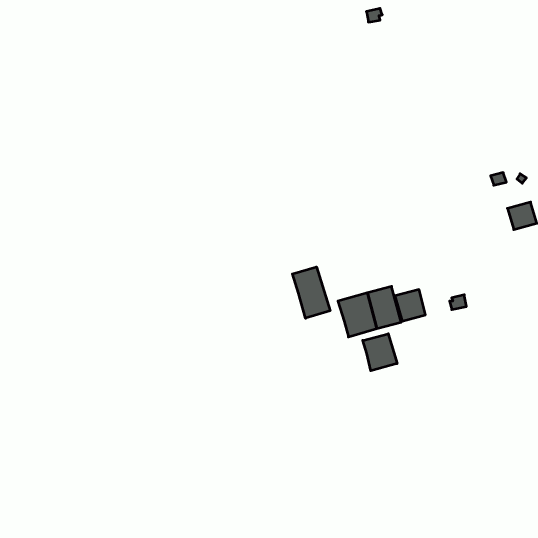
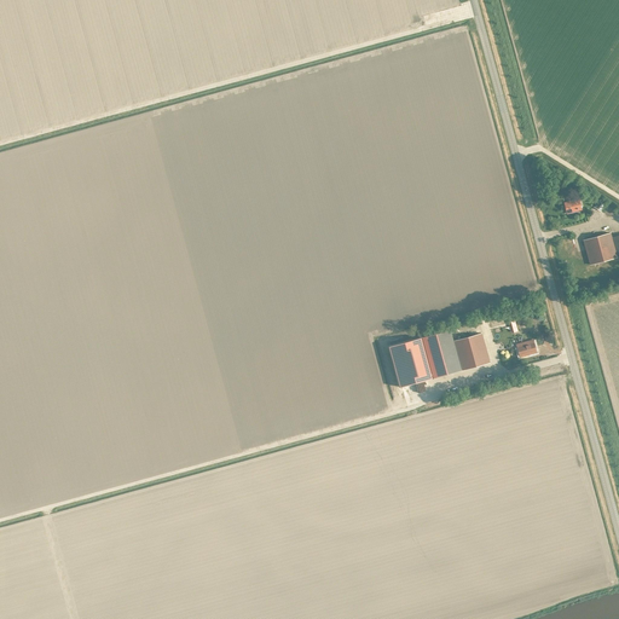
building: [292,267,330,318] -> none
building: [363,334,397,371] -> none

